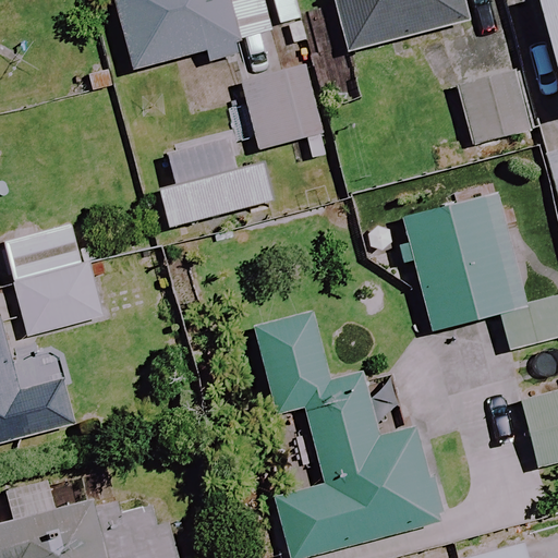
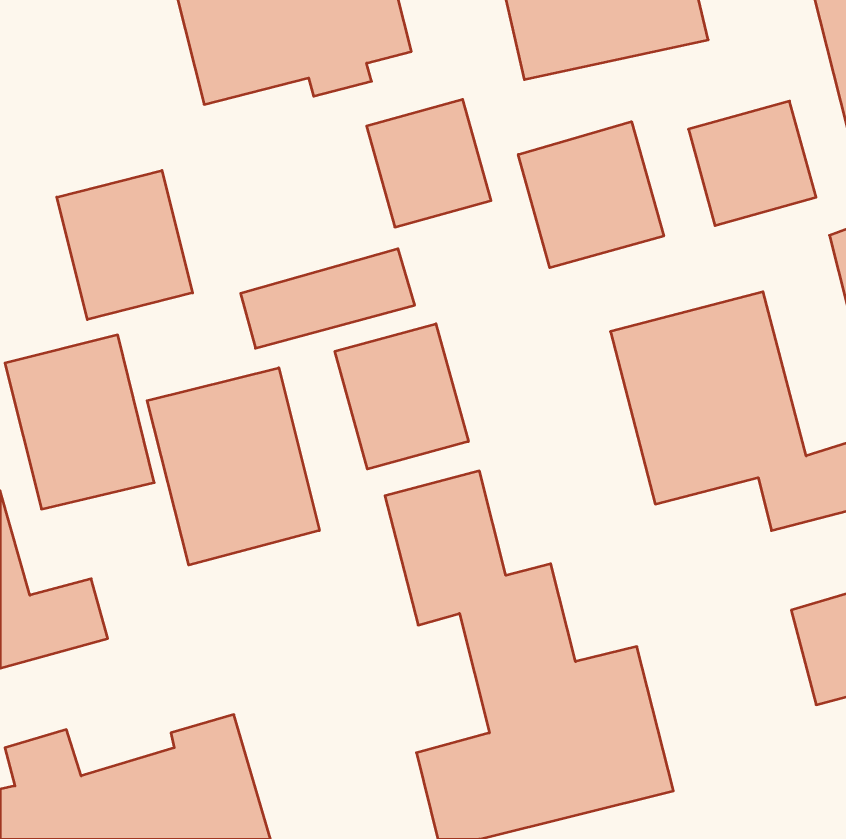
building: none -> [518,122,664,268]
building: none -> [57,170,193,320]
building: none -> [335,324,468,469]
building: none -> [147,368,319,565]

